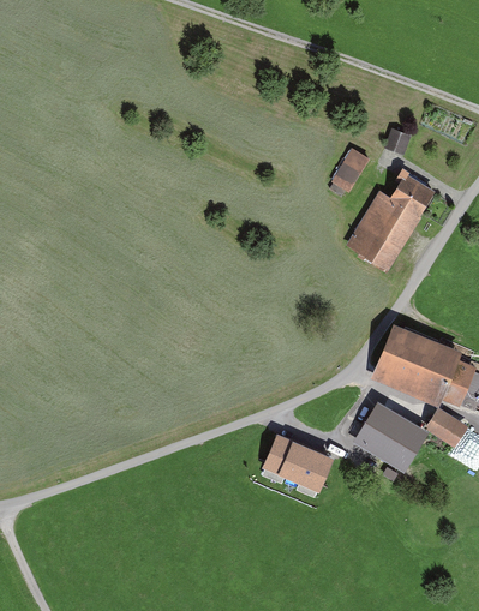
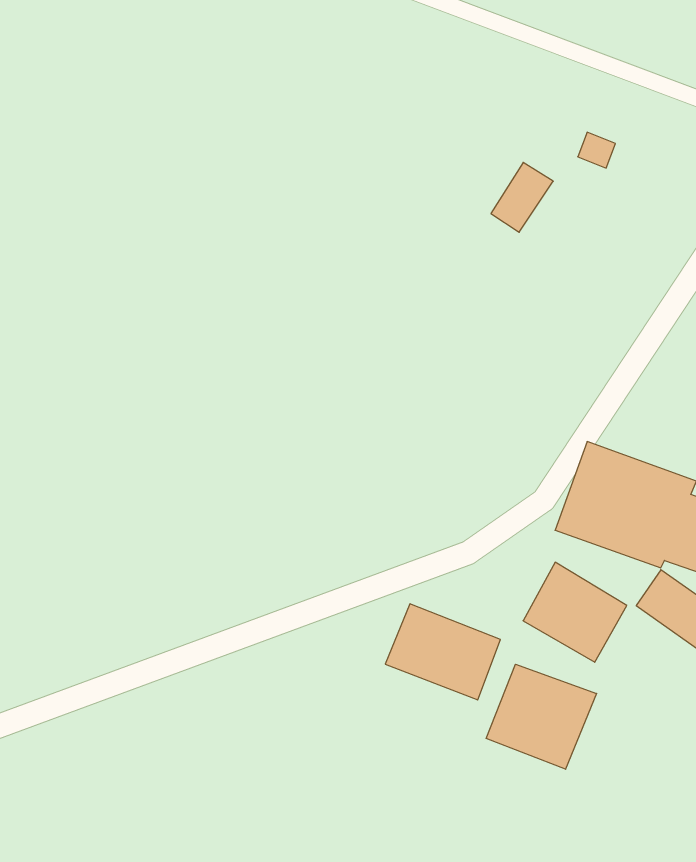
building: [345,172,437,272] -> none
building: none -> [486,664,597,769]

